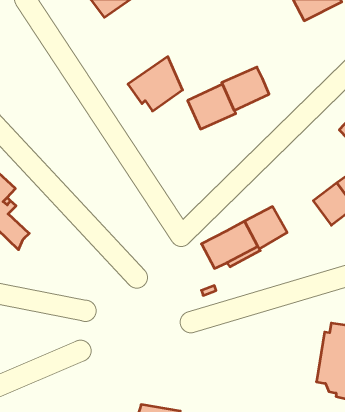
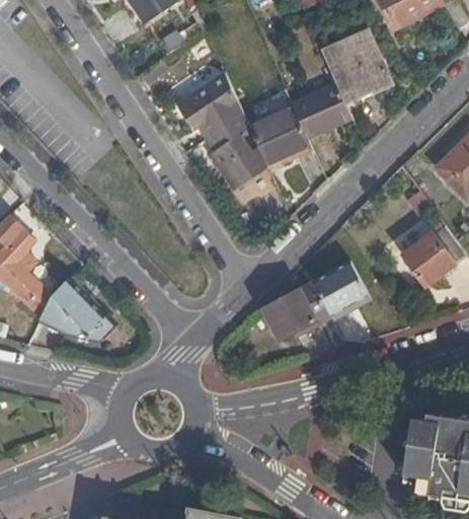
building: none -> [318,34,388,101]
building: none -> [204,116,264,193]
building: none -> [36,278,111,337]

